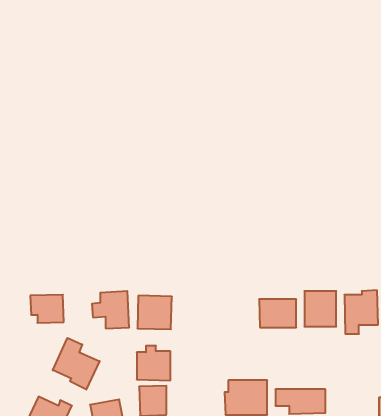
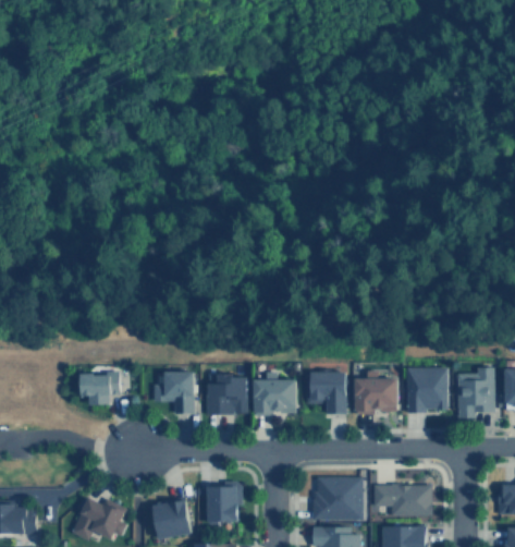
building: none -> [308,372,350,414]
building: [53,338,100,390] -> none
building: [137,346,170,380] -> [255,373,295,414]

